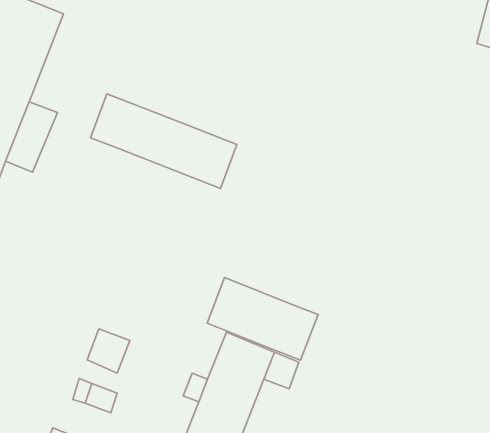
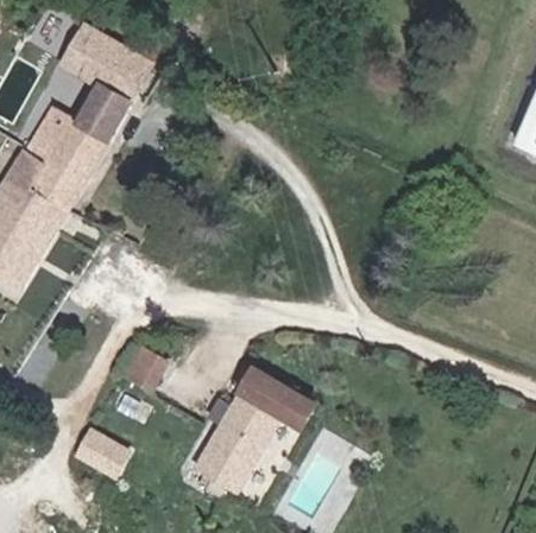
building: [90,94,237,189] -> none
building: [207,278,318,360] -> none

